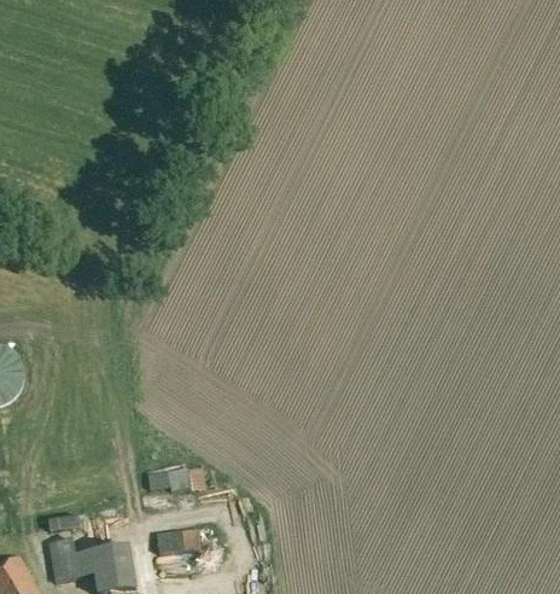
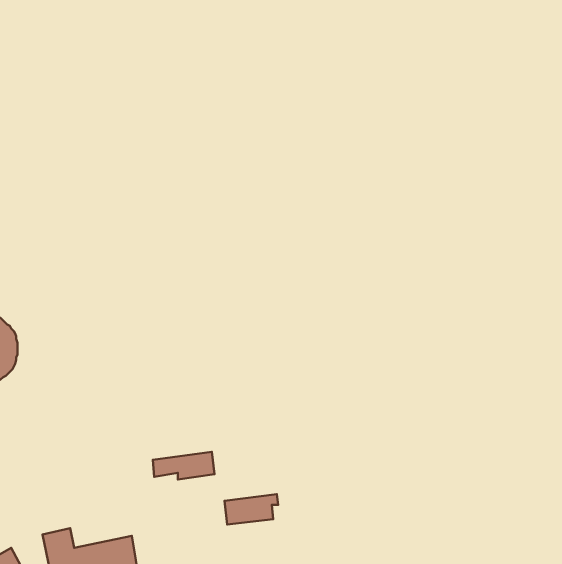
building: [156,526,205,554] -> [224,494,278,525]

